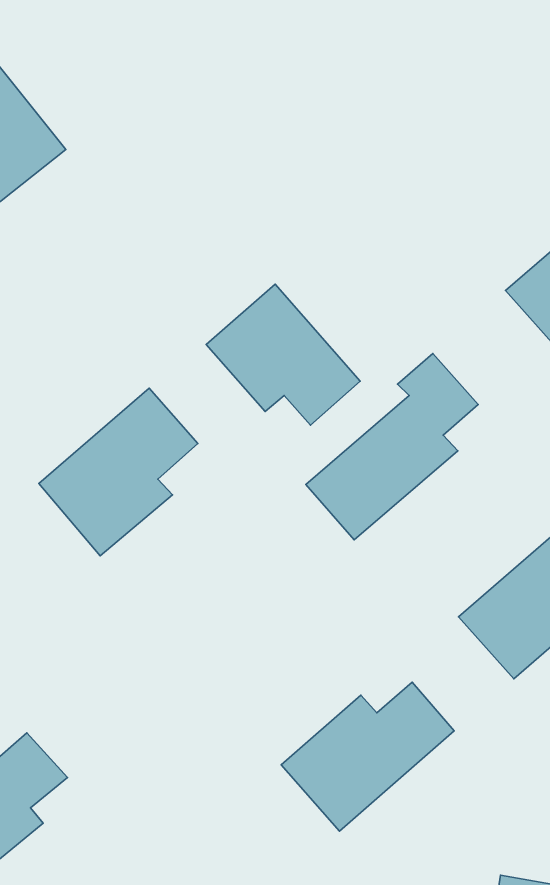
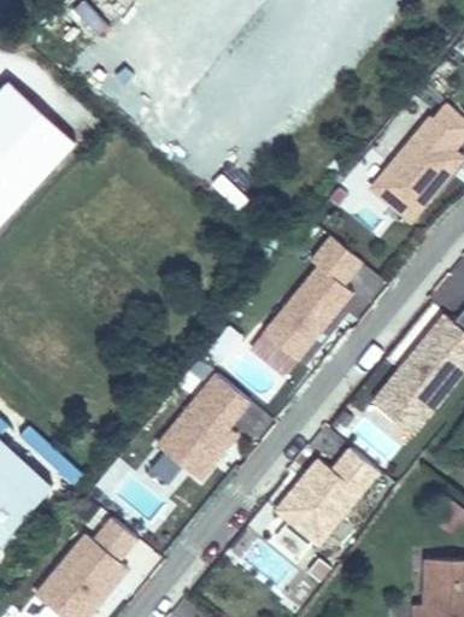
building: [206,284,360,425] -> none
building: [39,388,198,556] -> [154,372,251,483]

